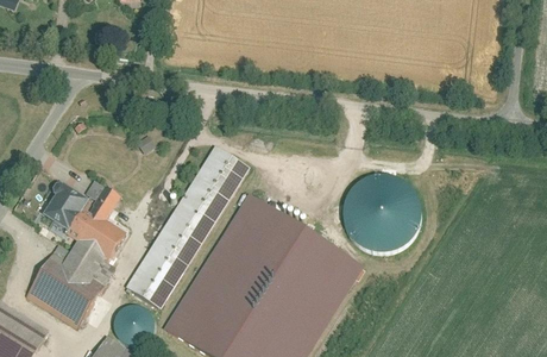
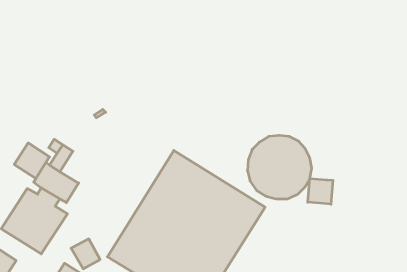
building: [126,145,250,306] -> none
building: none -> [308,178,333,204]

